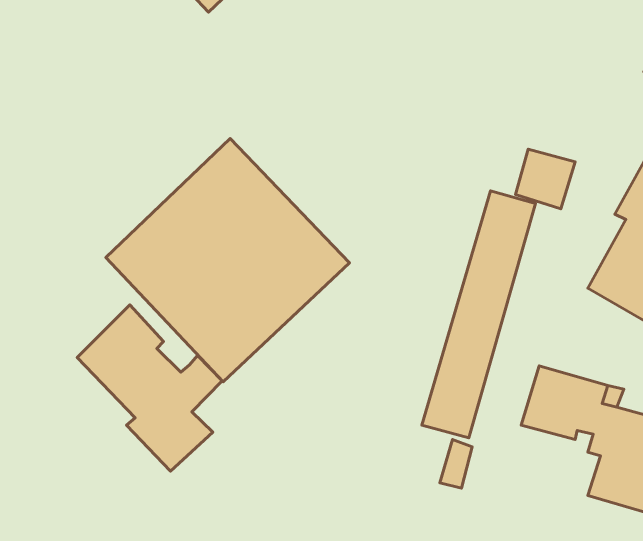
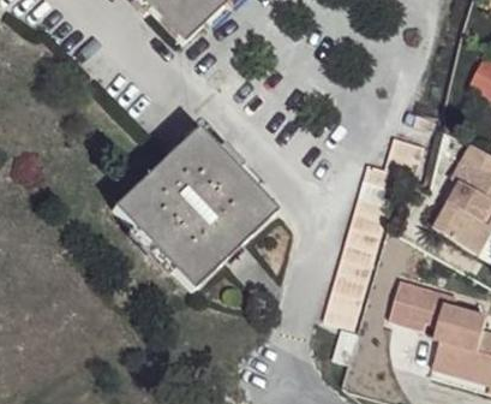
building: [77,305,222,471] -> none

